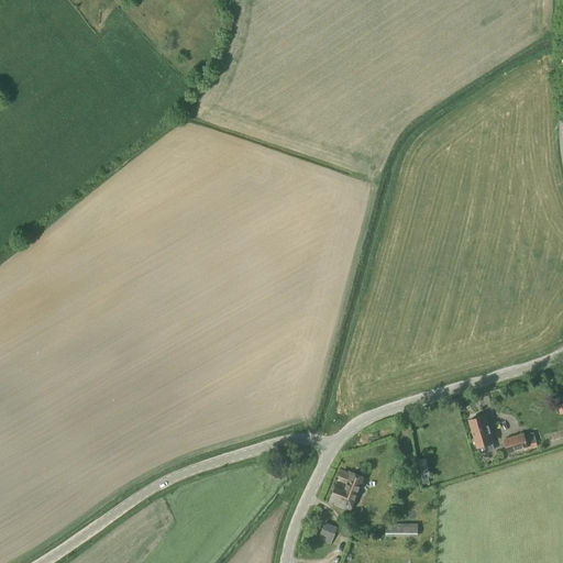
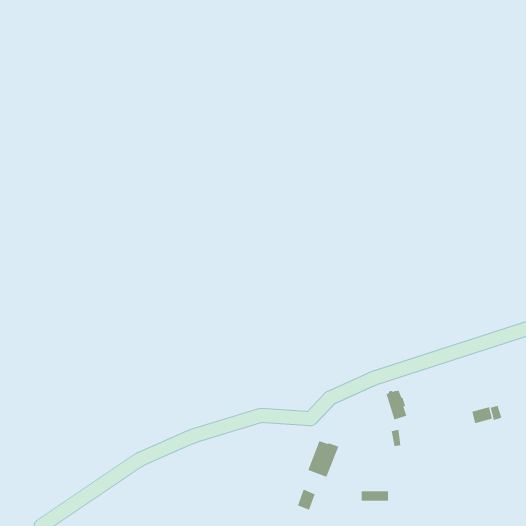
building: [468,416,492,448] -> [386,390,407,420]

